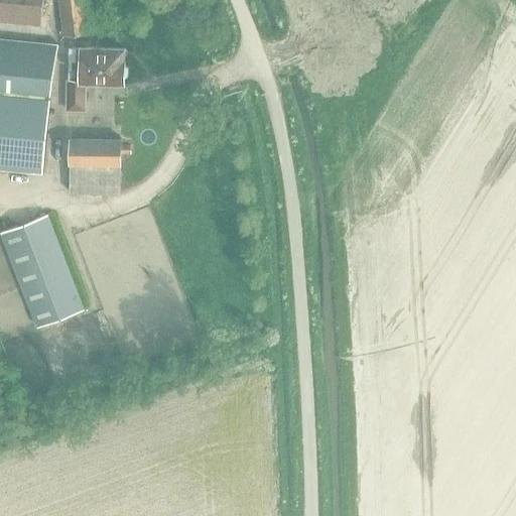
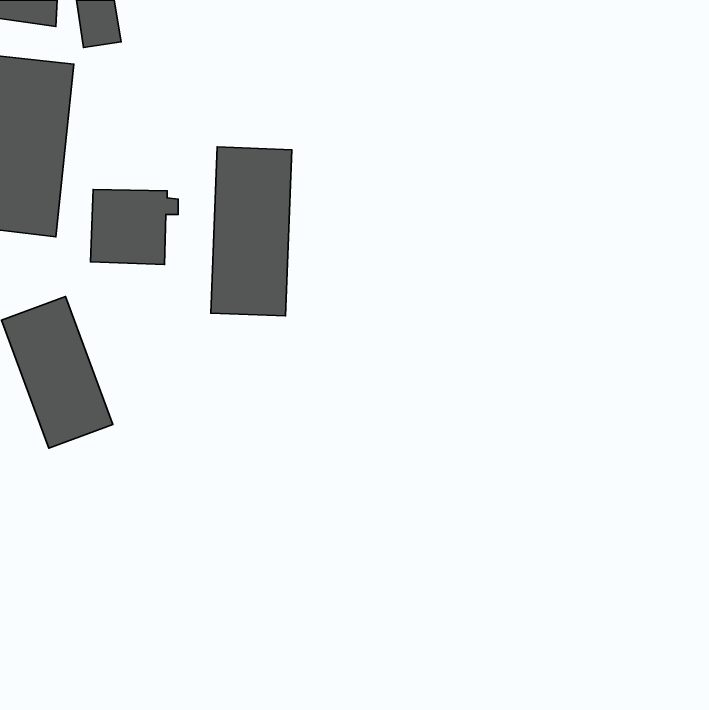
building: [66,48,125,110] -> none
building: none -> [211,147,292,316]

